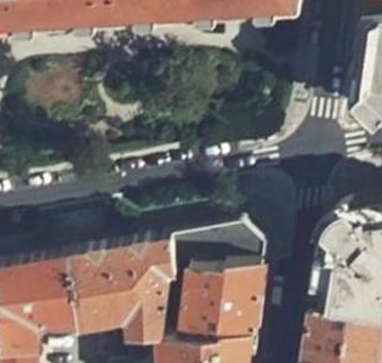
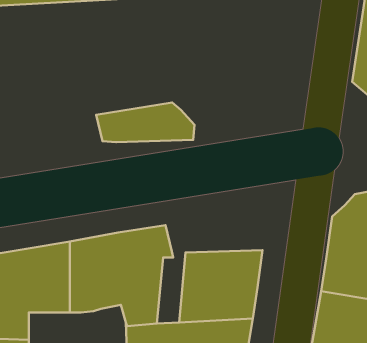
building: [167,231,263,270] -> [96,102,194,142]

